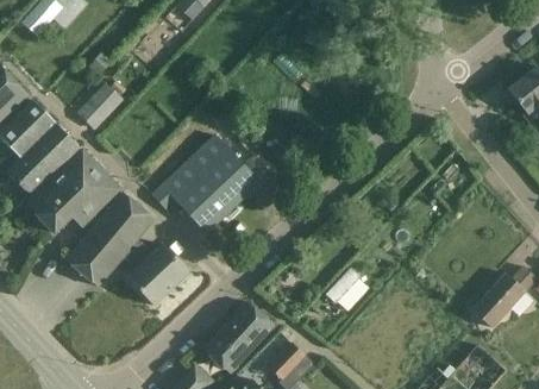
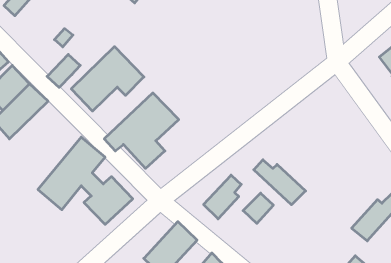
building: [26,150,120,233] -> [71,47,144,111]
building: none -> [254,160,306,205]
building: none -> [204,175,241,219]

